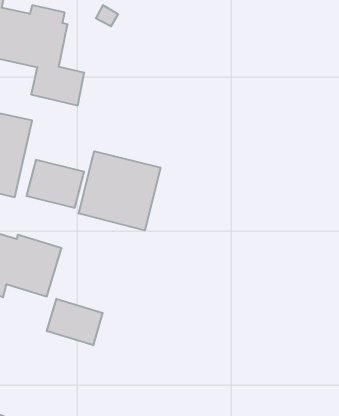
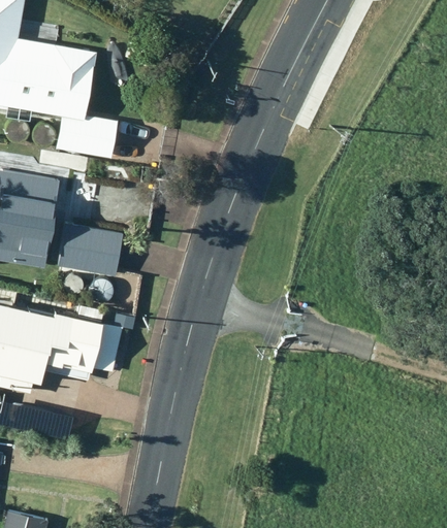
building: [79,151,160,230] -> none
building: [47,299,103,345] -> none

